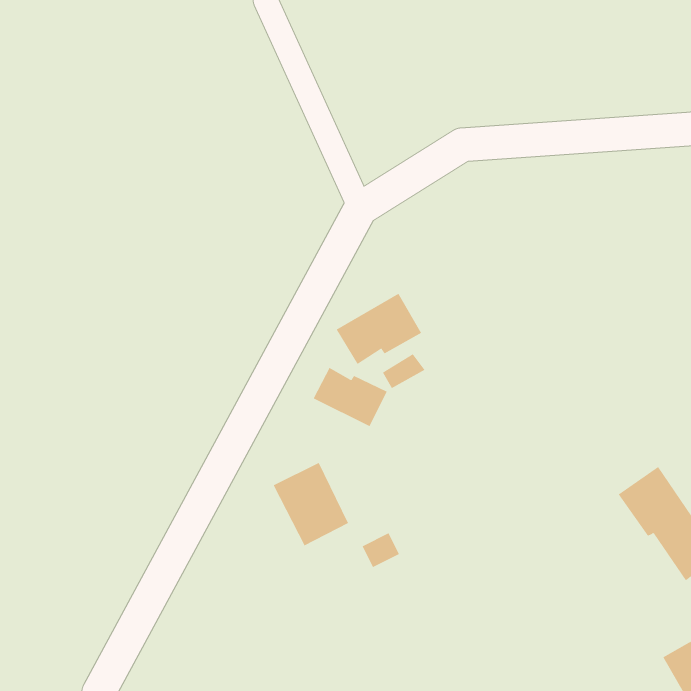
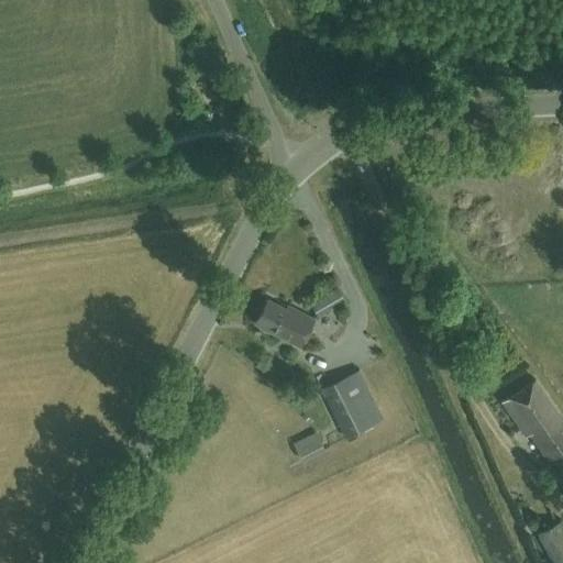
building: [336,293,422,365] -> none
building: [273,462,349,546] -> [322,371,384,439]

